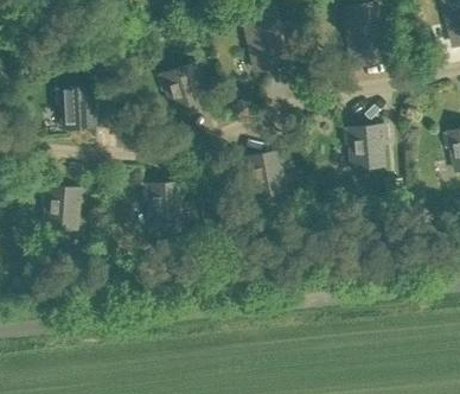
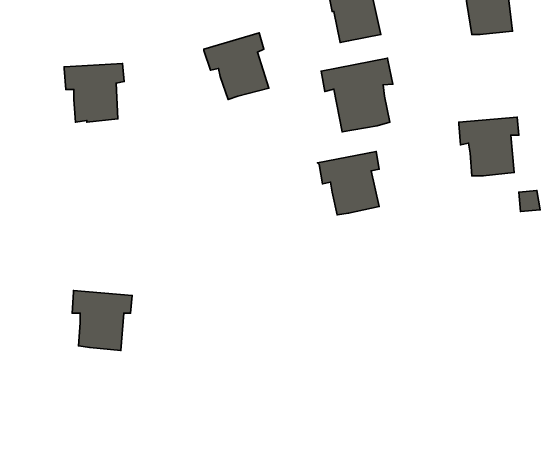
building: none -> [321,58,393,132]
building: [142,182,185,224] -> none
building: [40,185,84,229] -> [72,290,132,351]

